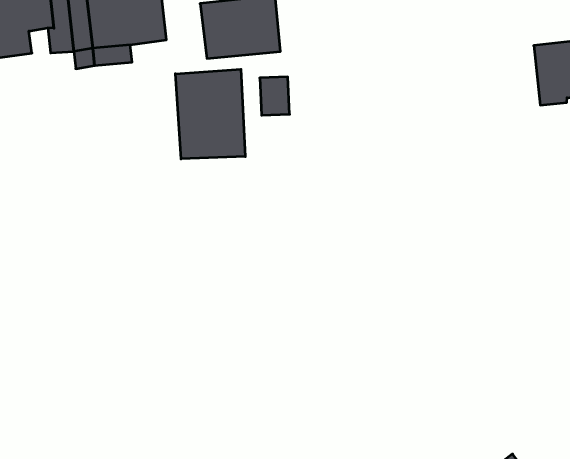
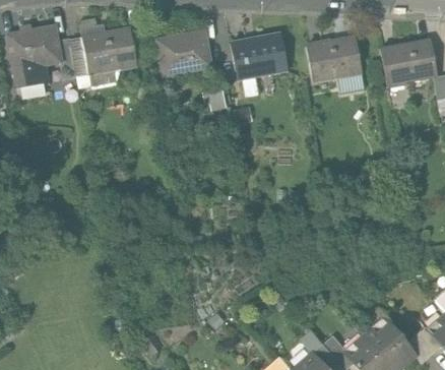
building: none -> [230,34,285,78]
building: none -> [305,37,362,81]
building: [175,69,245,159] -> none

